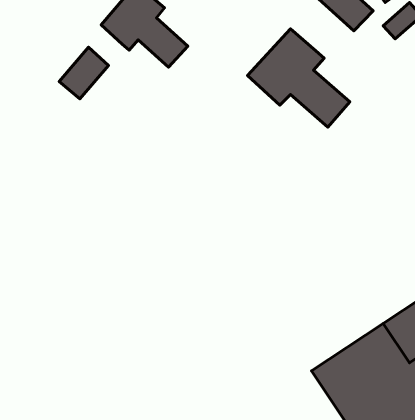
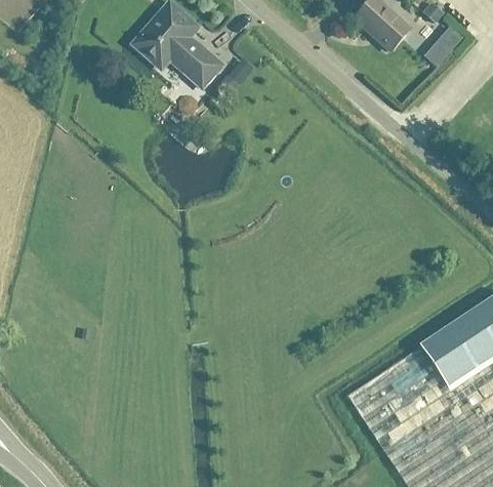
building: [247,29,350,127] -> none
building: [59,47,108,99] -> none

